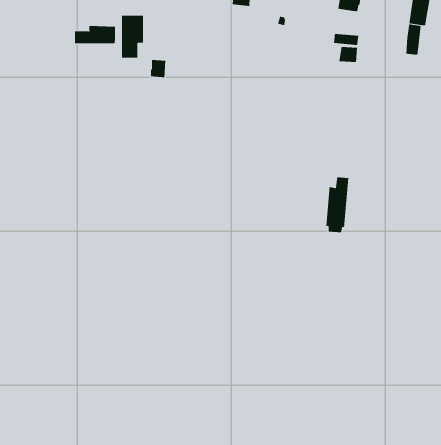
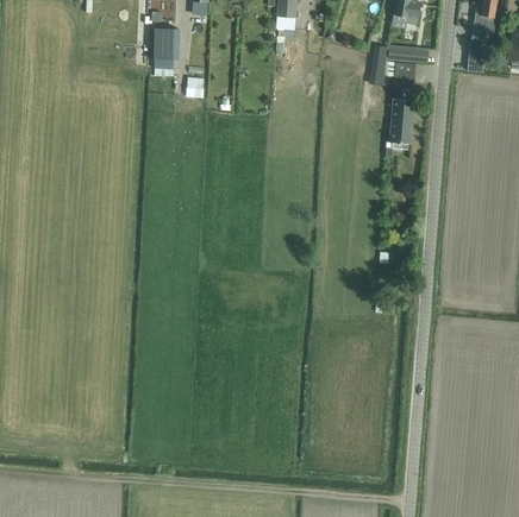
building: [75,25,116,44] -> none
building: [326,177,349,233] -> [389,86,415,147]

